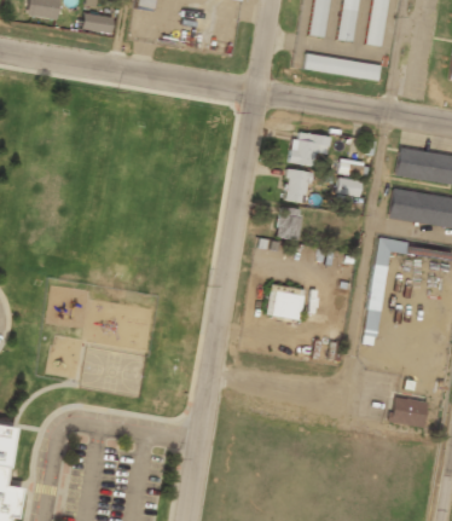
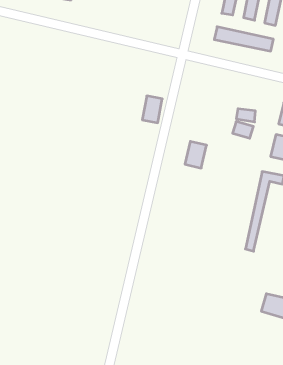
building: [290,131,331,167] -> none
building: [286,169,311,203] -> [142,96,162,123]
building: [268,285,305,319] -> none

